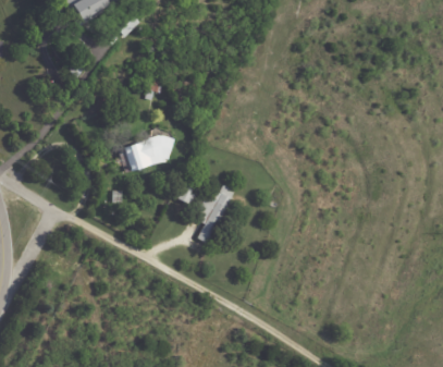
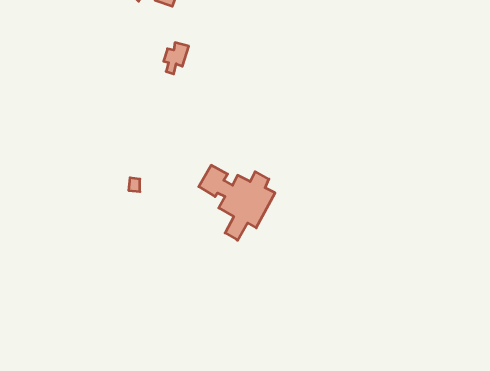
building: [118,134,173,173] -> none

